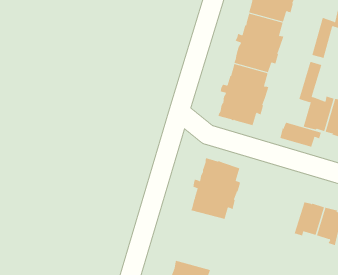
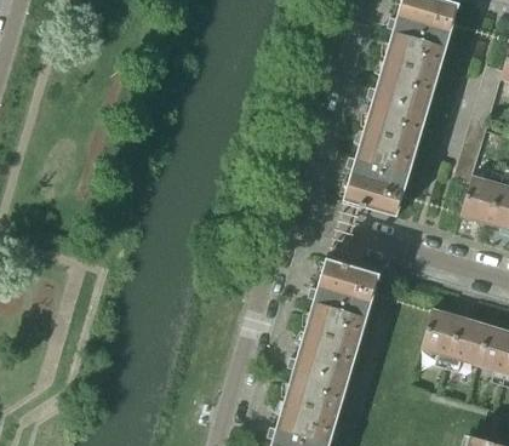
building: [280,122,322,147] -> none
building: none -> [421,309,461,362]
building: none -> [285,331,354,412]

